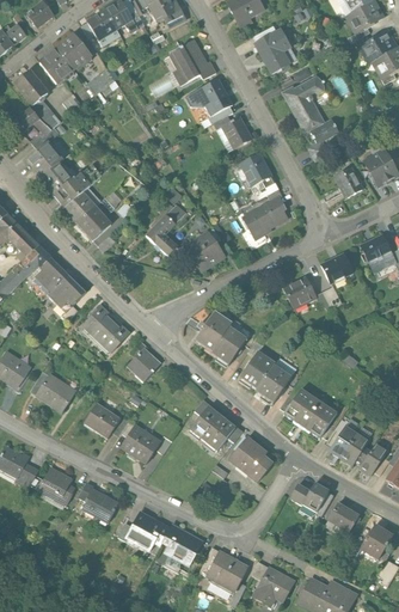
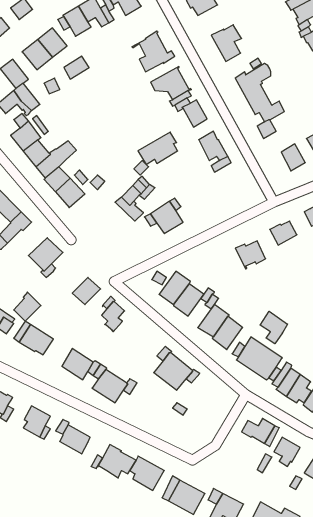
building: [243,196,288,233] -> [138,132,178,164]
building: [32,257,68,295] -> none
building: [84,305,115,338] -> [14,292,41,321]
building: none -> [260,311,288,344]
building: [229,436,272,482] -> none

